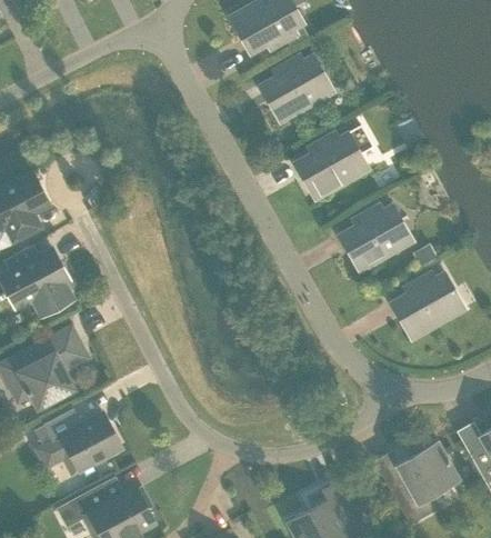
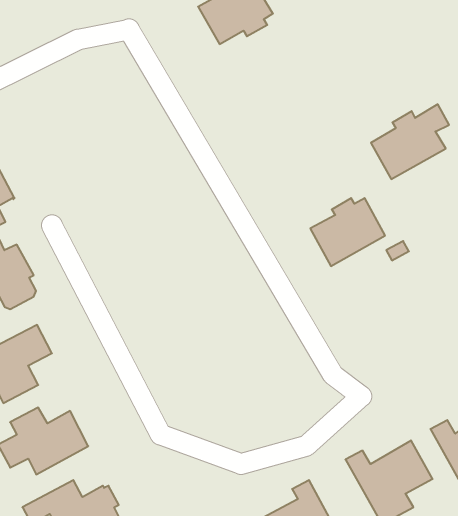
building: [260,54,332,121] -> none
building: [294,124,371,198] -> [371,104,449,179]
building: [391,271,464,338] -> none

